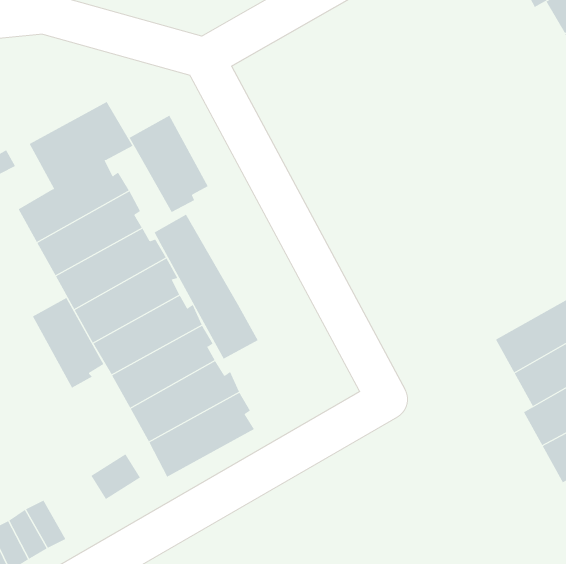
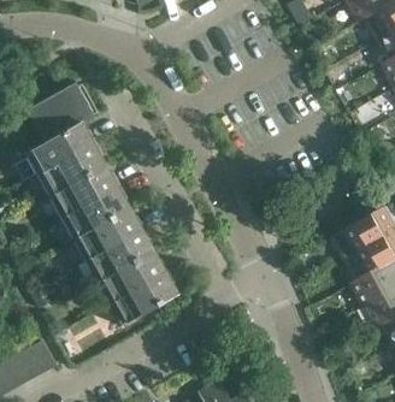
building: [129,115,209,213] -> none
building: [154,214,259,359] -> none
building: [32,297,104,388] -> none

